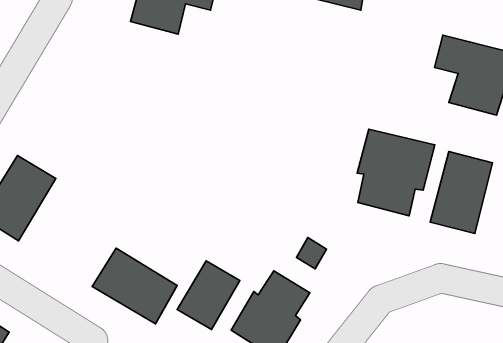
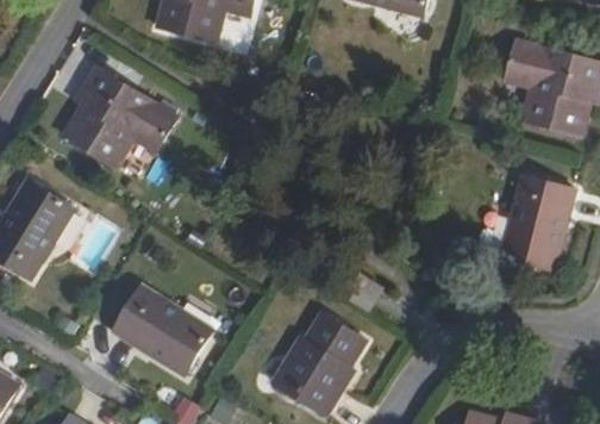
building: none -> [64,67,176,164]
building: [357,129,435,216] -> none
building: [177,261,240,330] -> none

